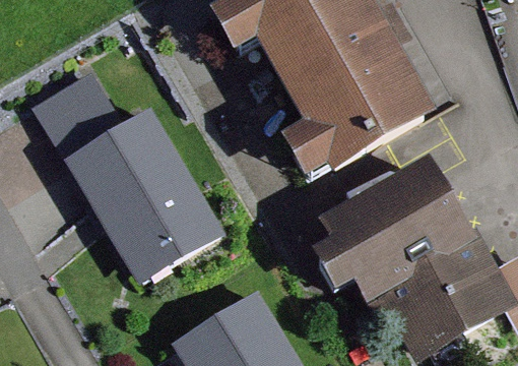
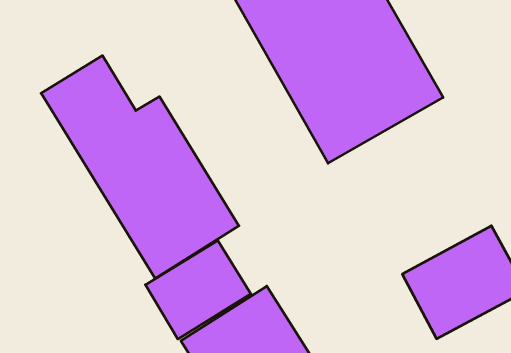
building: [326,163,467,293] -> none
building: none -> [145,241,251,339]

